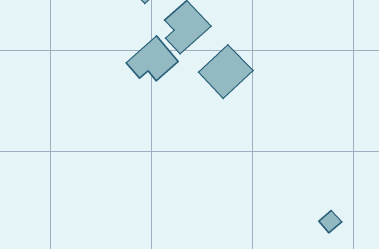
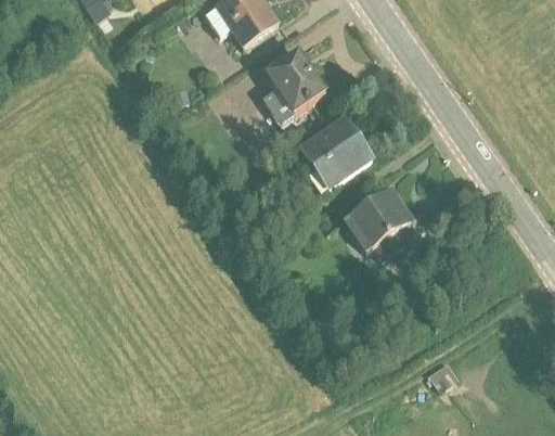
building: [126,36,178,81] -> none
building: none -> [344,185,412,257]

